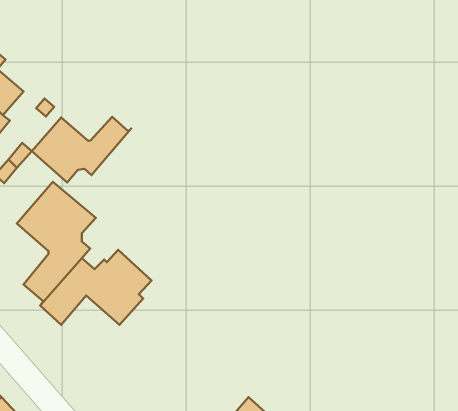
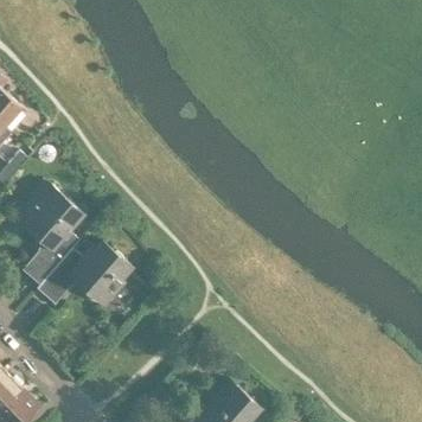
building: [32,117,131,183] -> none

